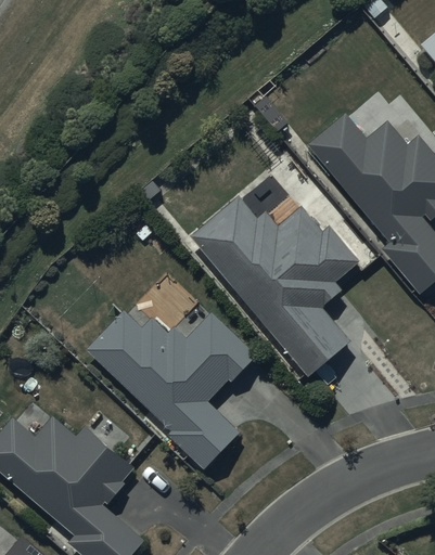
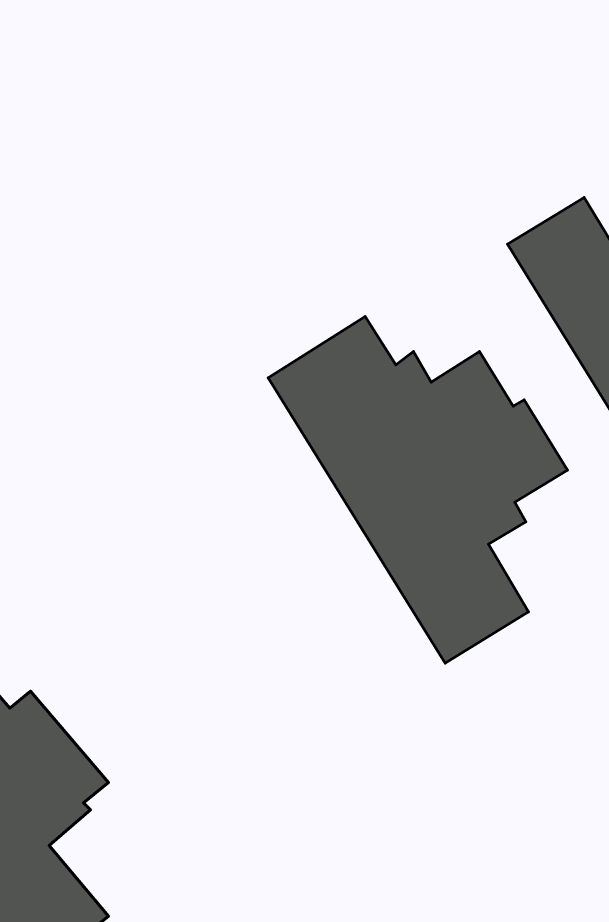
building: [88,312,257,472] -> none

